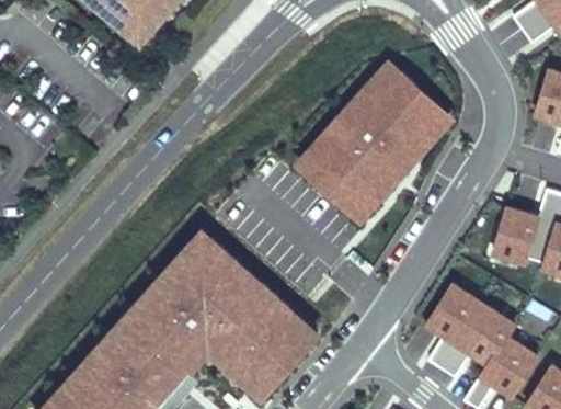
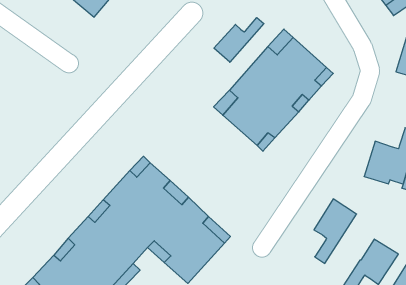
building: none -> [214,18,264,62]
building: [442,304,515,377] -> none

